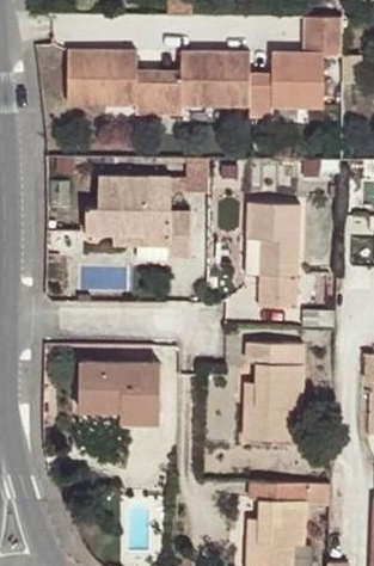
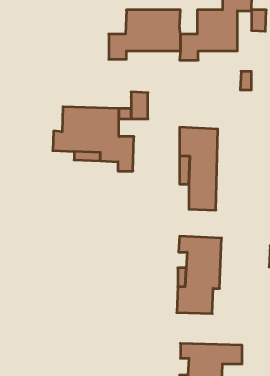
building: [67,53,158,116] -> none
building: [79,365,159,423] -> none

